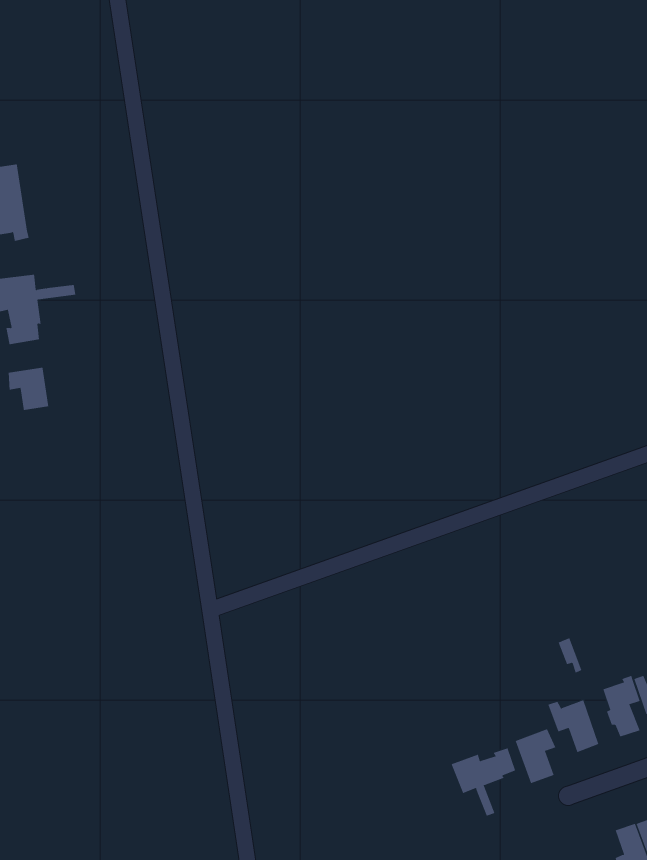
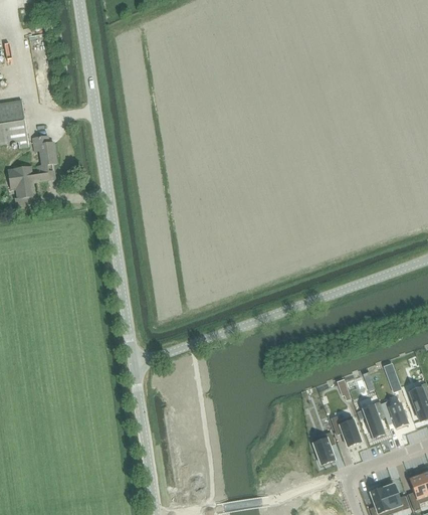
building: none -> [31,134,56,173]
building: [8,367,49,411] -> none
building: [451,748,516,817] -> none

